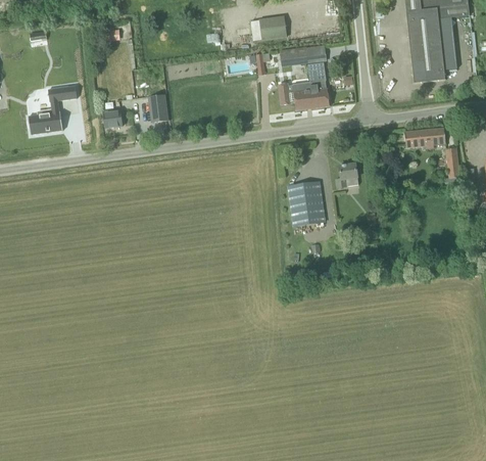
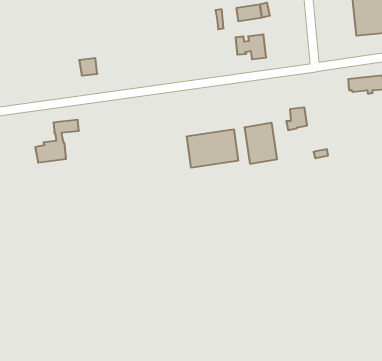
building: [308,61,330,106] -> none
building: [28,85,77,133] -> [35,120,79,163]
building: [149,94,167,121] -> none
building: none -> [187,129,238,168]

